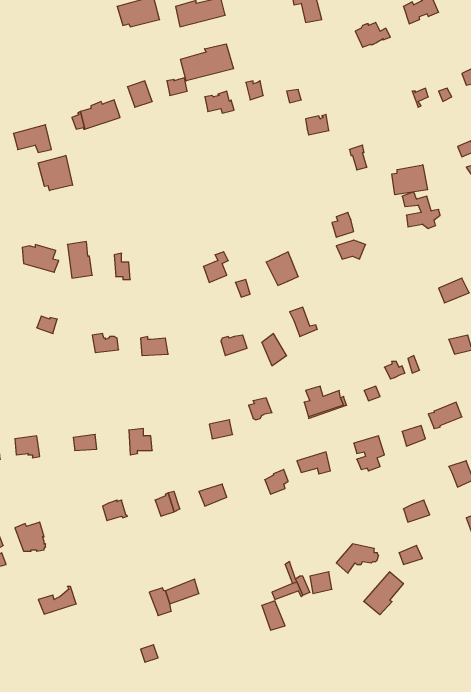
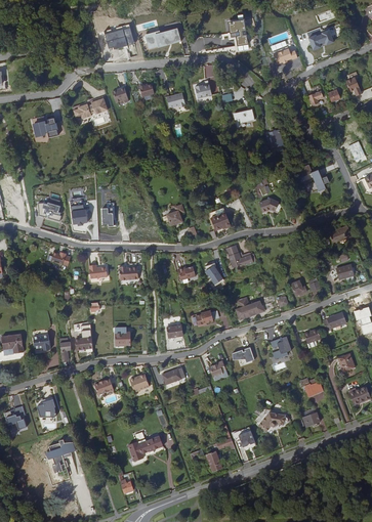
building: [181,44,234,81] -> none
building: [38,155,73,191] -> none
building: [392,165,428,195] -> none
building: [364,572,403,615] -> none

